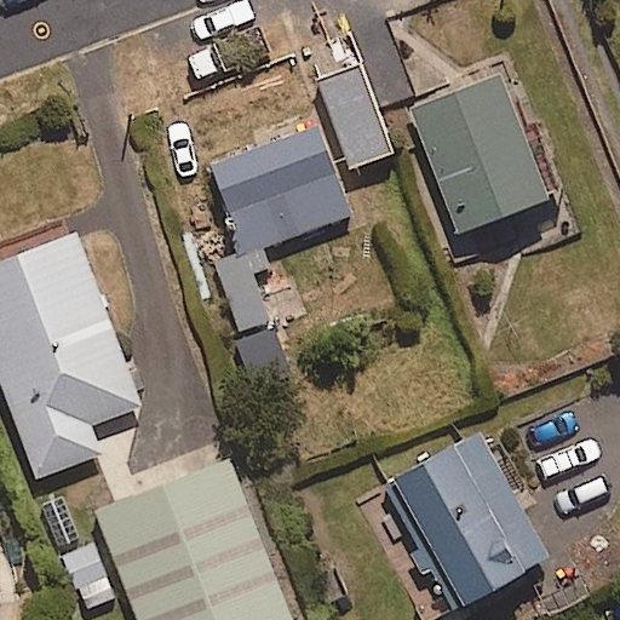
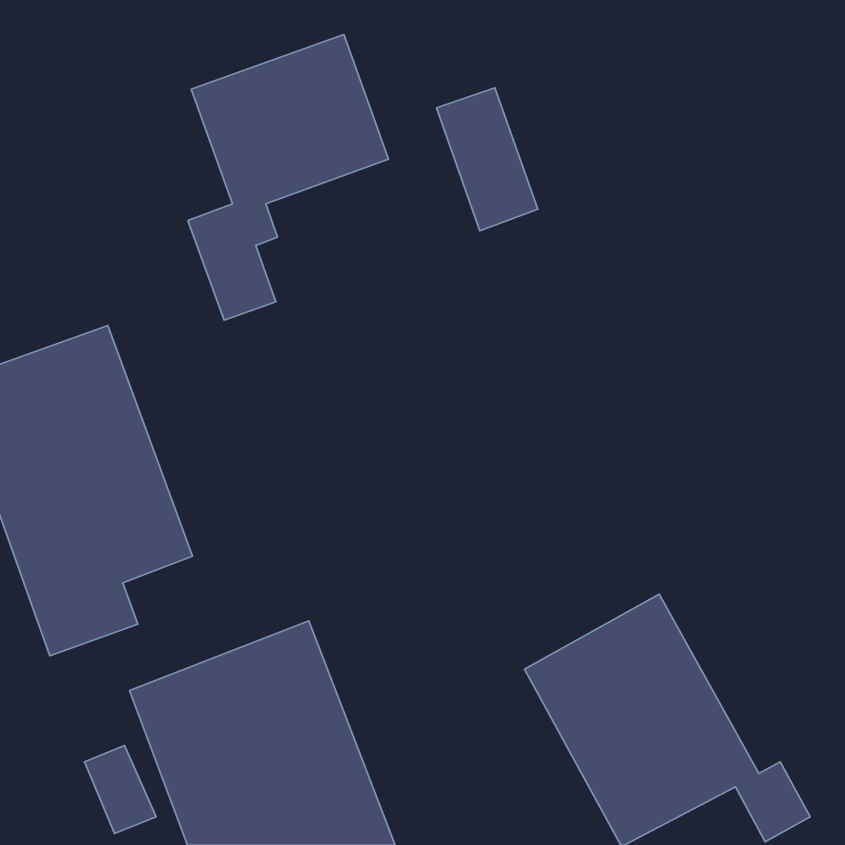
building: [409,76,563,256] -> none
building: [205,124,351,332] -> [188,35,389,320]

